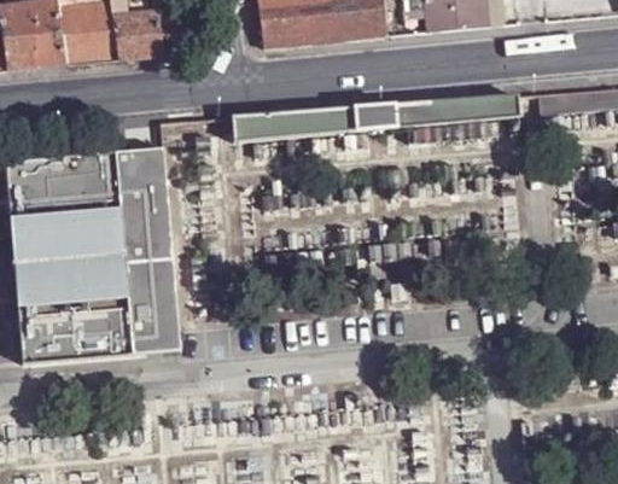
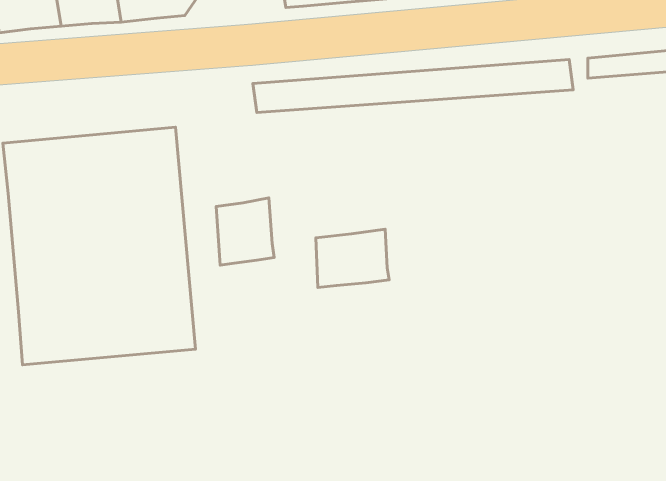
building: none -> [216,198,274,265]
building: none -> [316,229,389,288]

